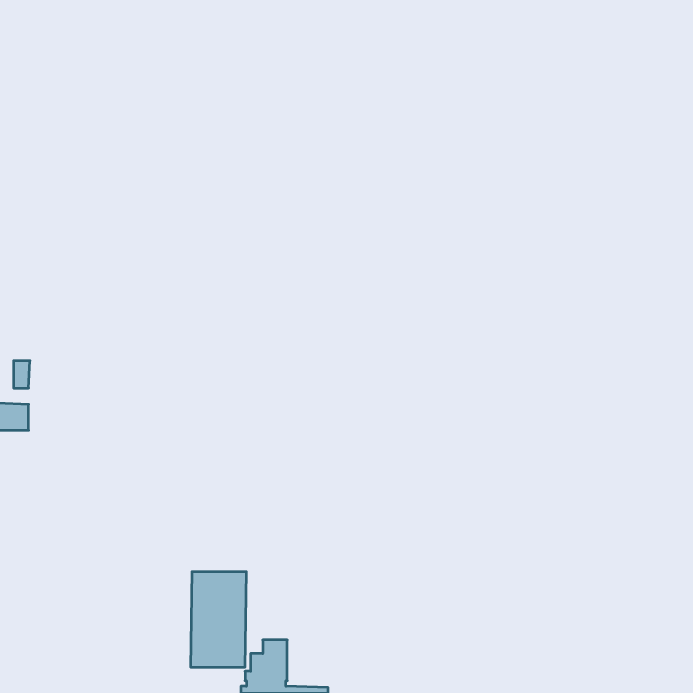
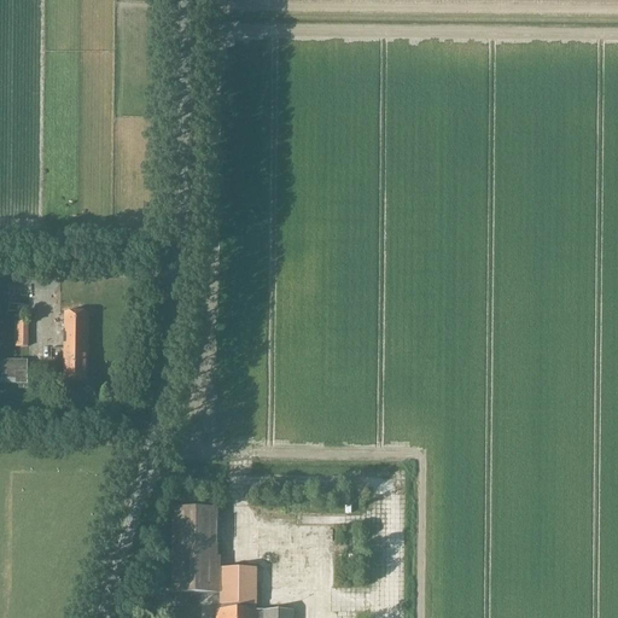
building: none -> [62,310,87,378]

